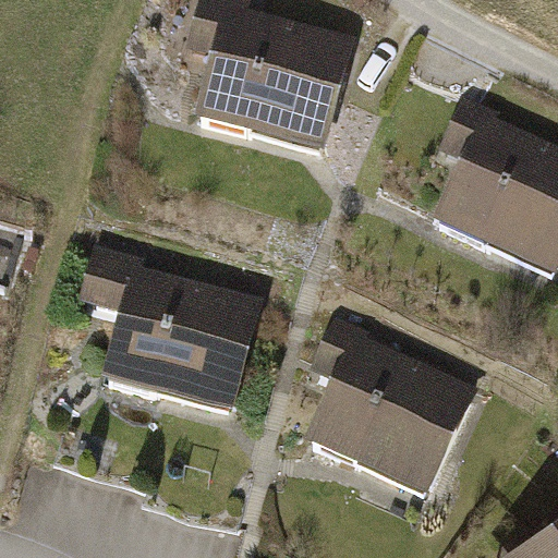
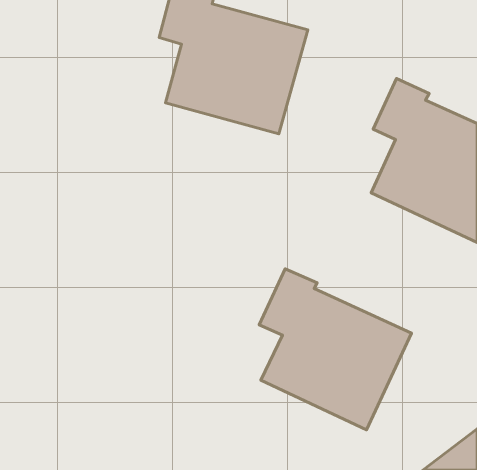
building: [77,243,266,418] -> none

